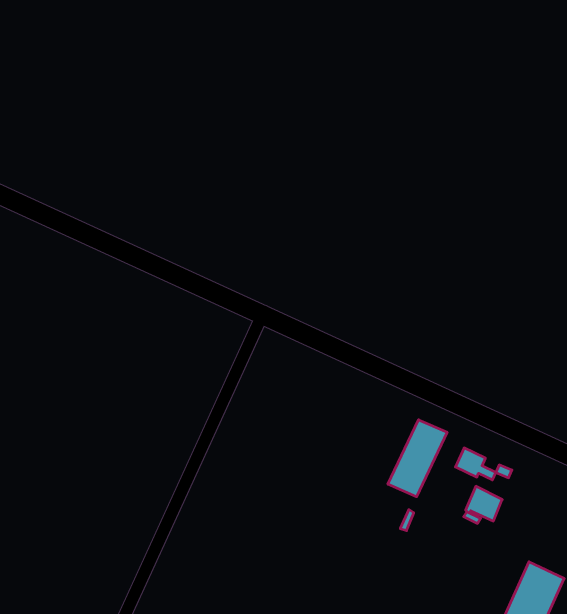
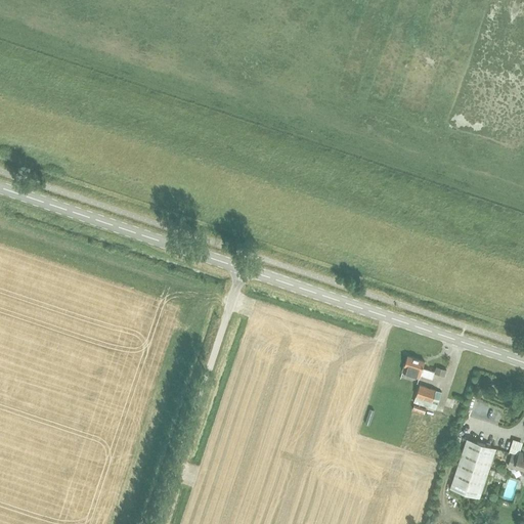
building: [388,420,447,497] -> none

